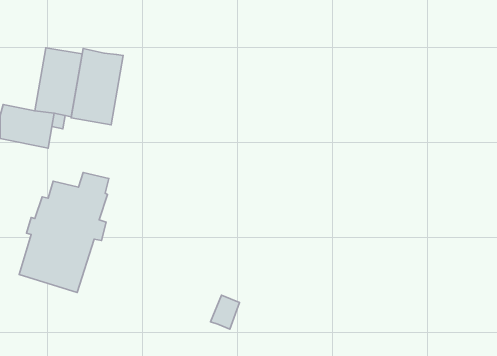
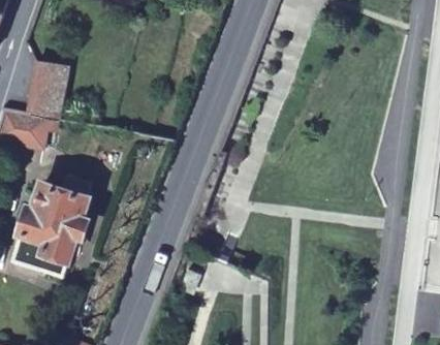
building: [71,48,123,125] -> none

